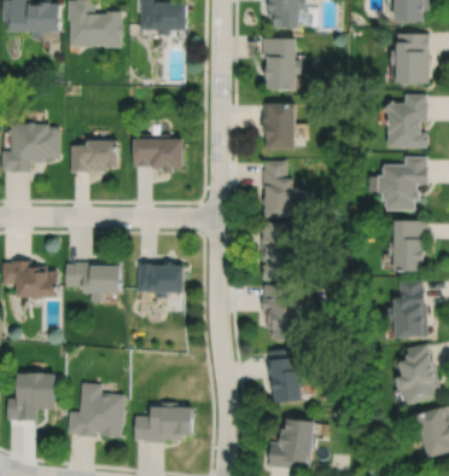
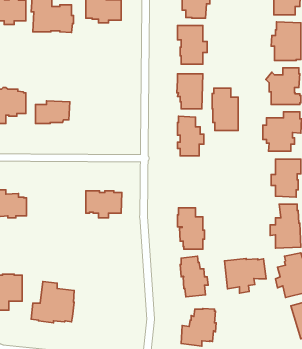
building: [133,134,183,172] -> none
building: [262,221,297,278] -> [212,88,238,130]
building: [68,261,123,300] -> none
building: none -> [224,259,266,293]
building: [134,404,193,443] -> none

